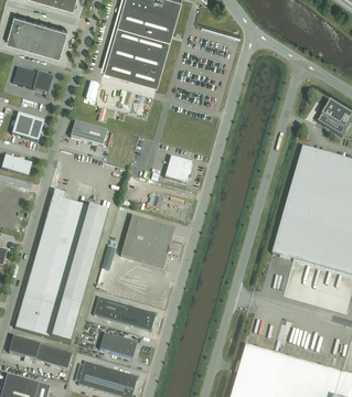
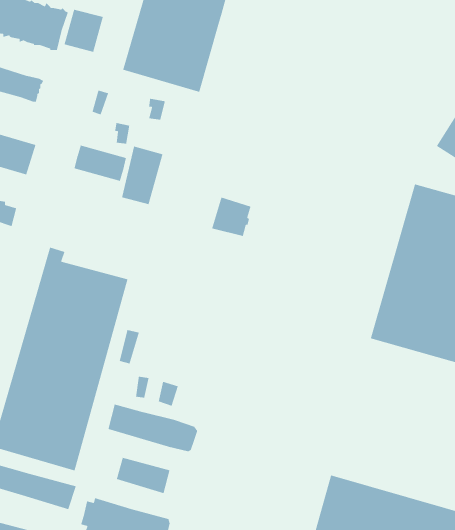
building: none -> [63,9,104,53]
building: none -> [121,145,163,205]
building: [120,215,175,268] -> none

